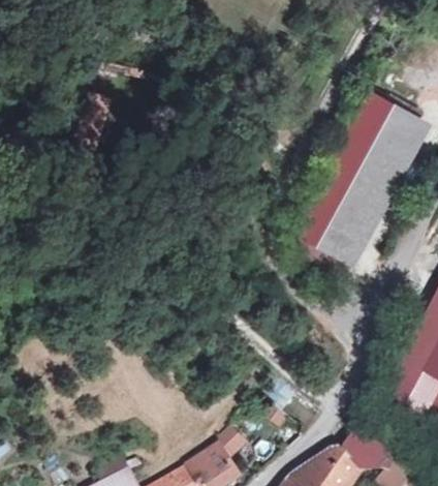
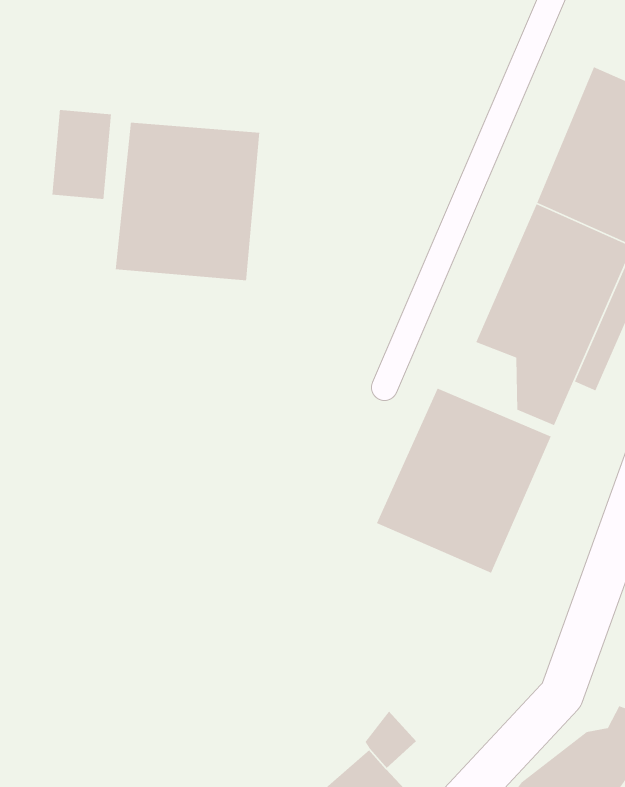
building: none -> [115,122,260,281]
building: none -> [376,388,552,574]

